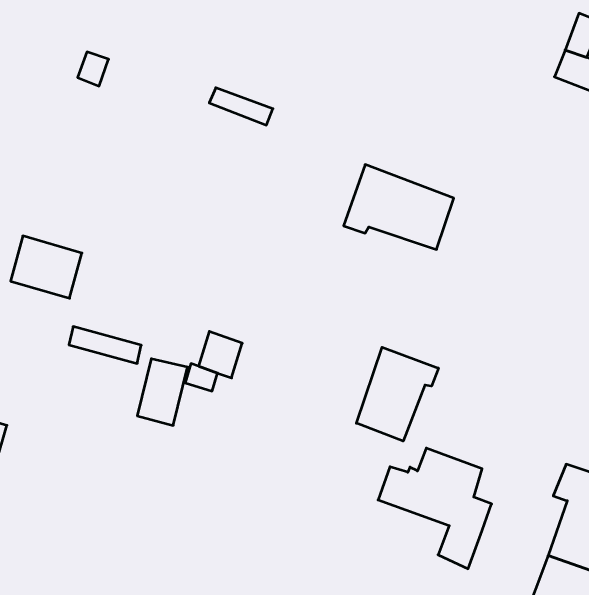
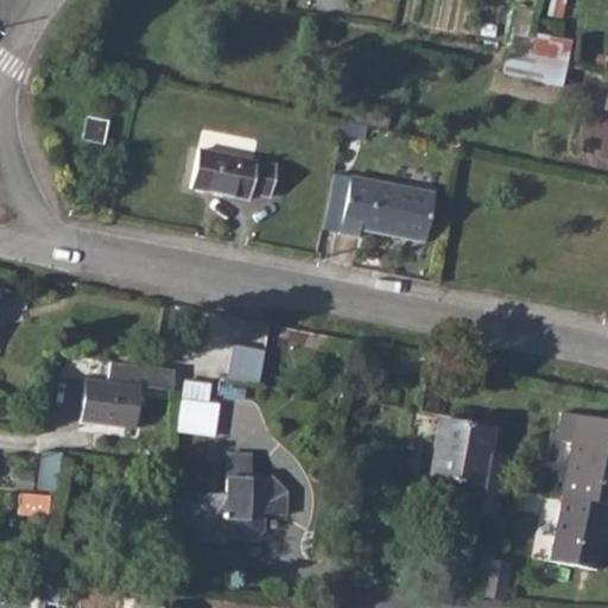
building: none -> [190,147,277,197]
building: [11,236,82,298] -> [81,379,140,428]
building: [356,347,438,441] -> none
building: none -> [179,451,287,540]

